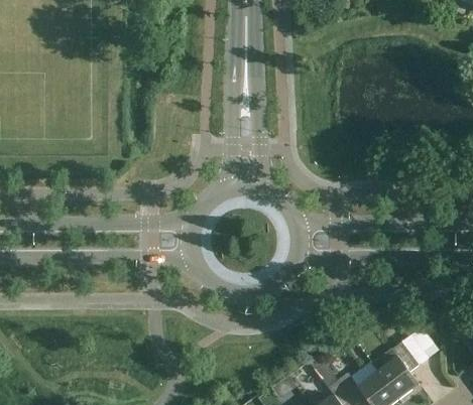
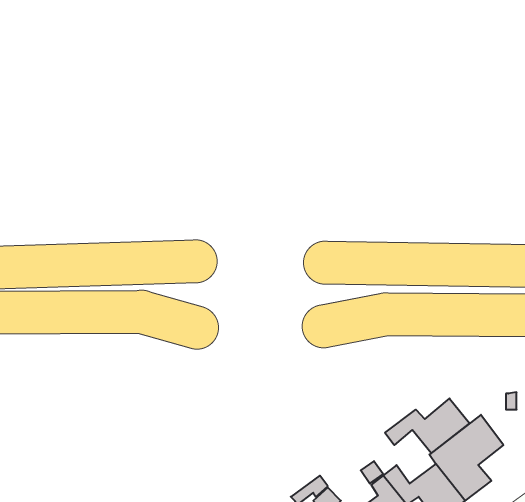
building: none -> [385,398,470,453]

